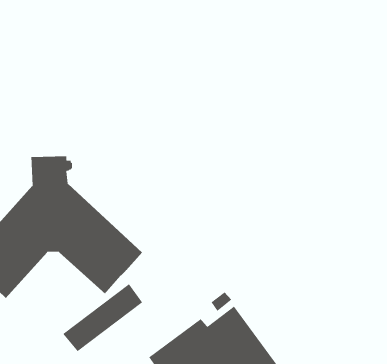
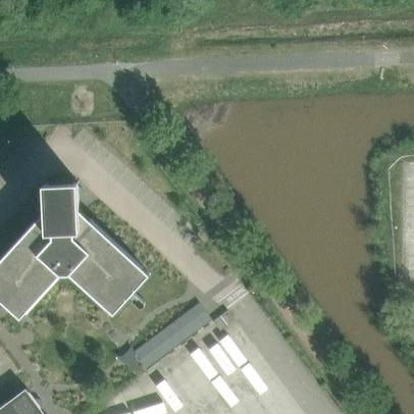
building: [62,283,143,352] -> [134,303,210,368]

